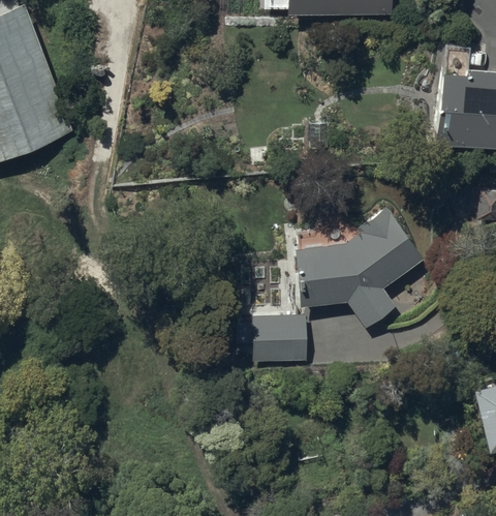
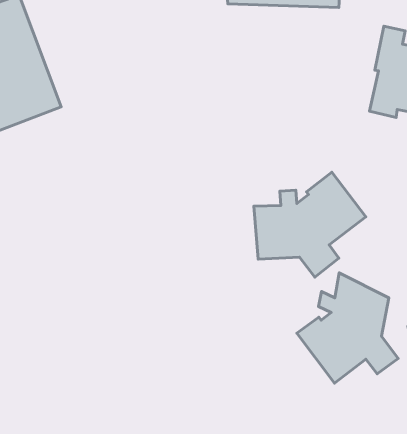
building: [251,318,306,366] -> none
building: none -> [297,273,398,383]

